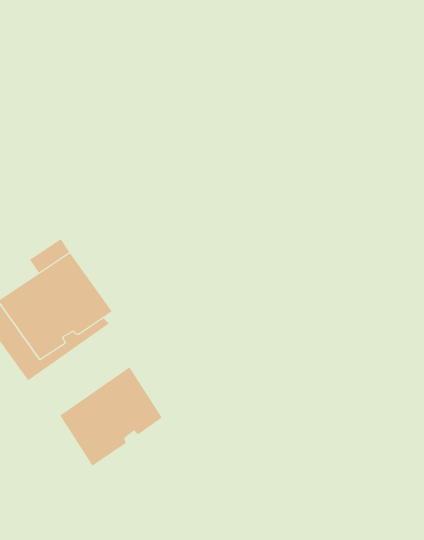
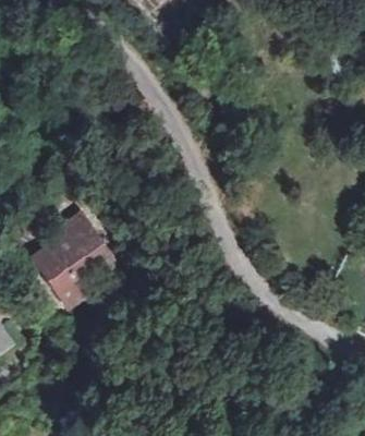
building: [59,366,162,467] -> none

